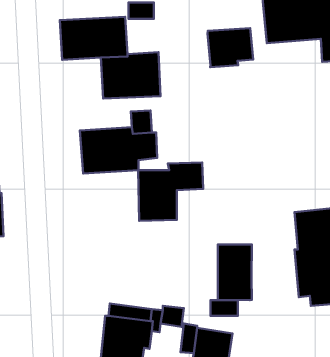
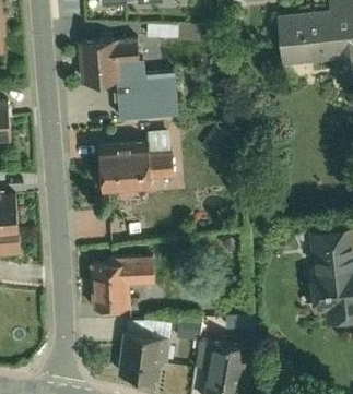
building: [207,28,253,67] -> none
building: [138,162,203,221] -> [90,258,154,315]
building: [218,244,252,300] -> none

